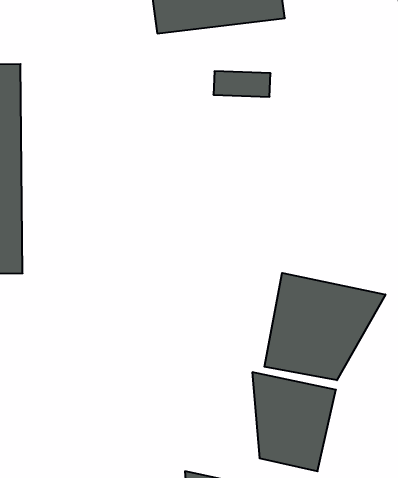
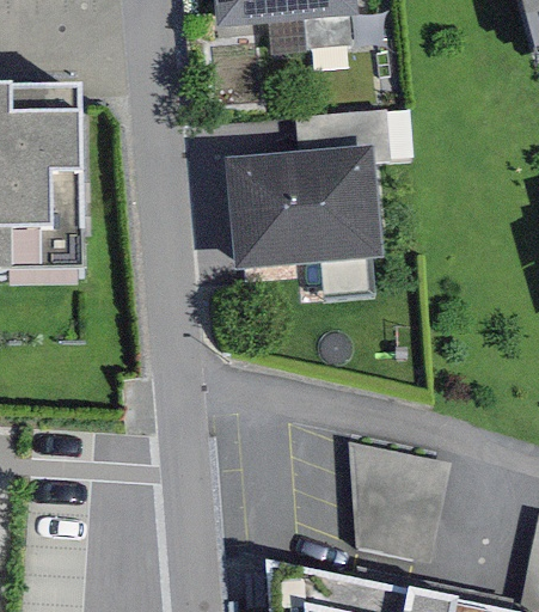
building: none -> [253,152,386,262]
building: [264,273,385,380] -> none

